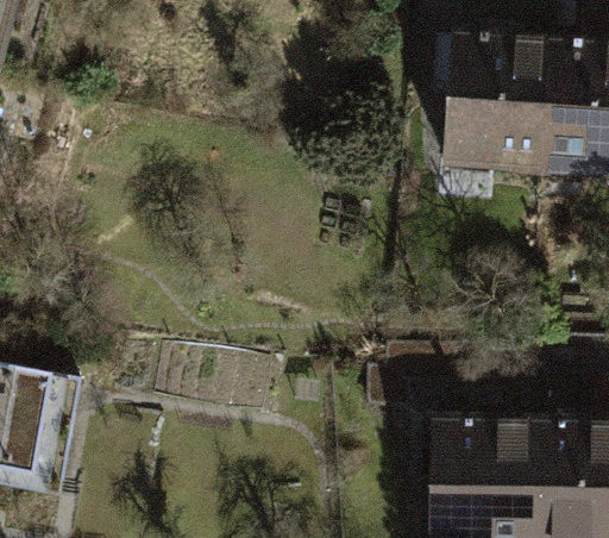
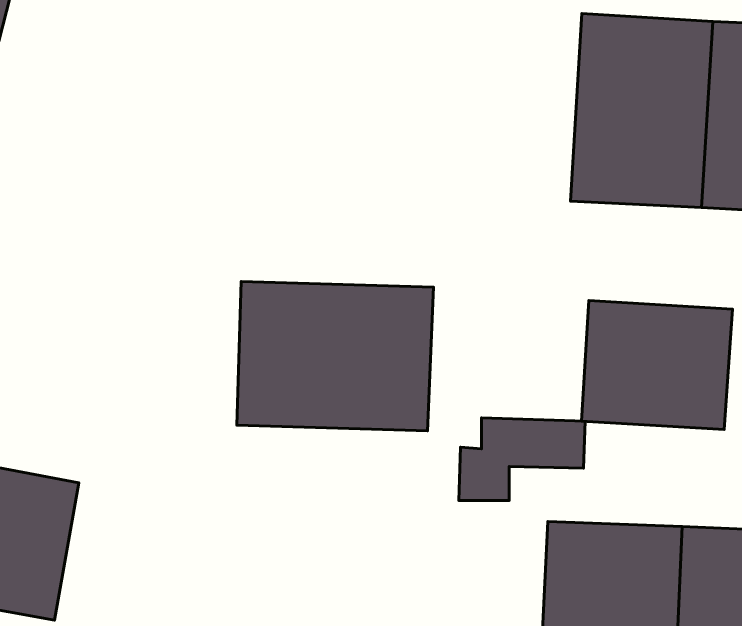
building: none -> [237,281,433,431]
building: none -> [582,301,733,430]

